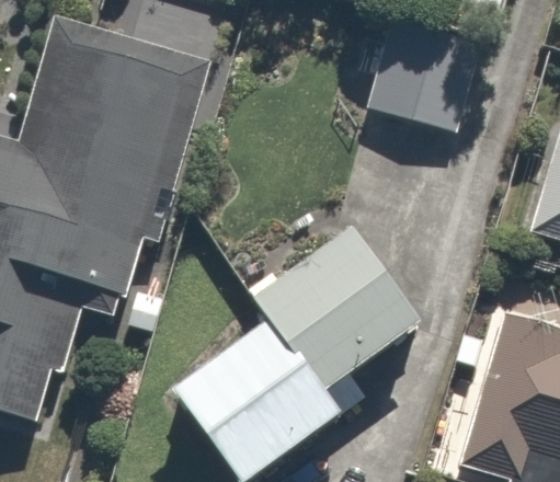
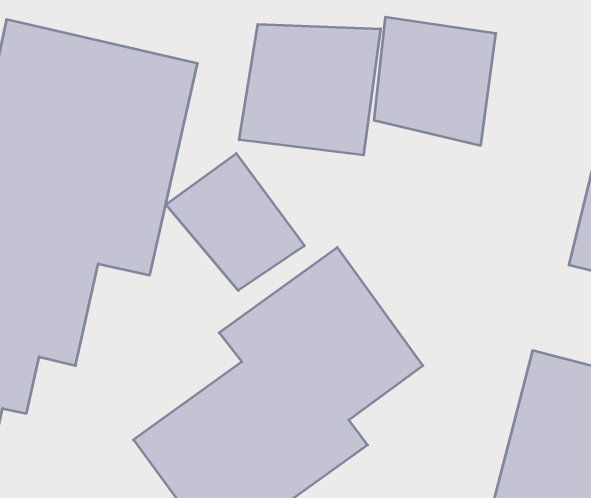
building: none -> [239,24,381,155]
building: none -> [166,153,304,291]

